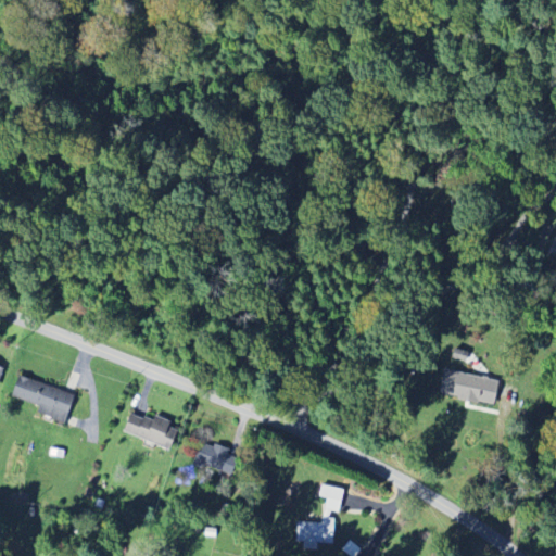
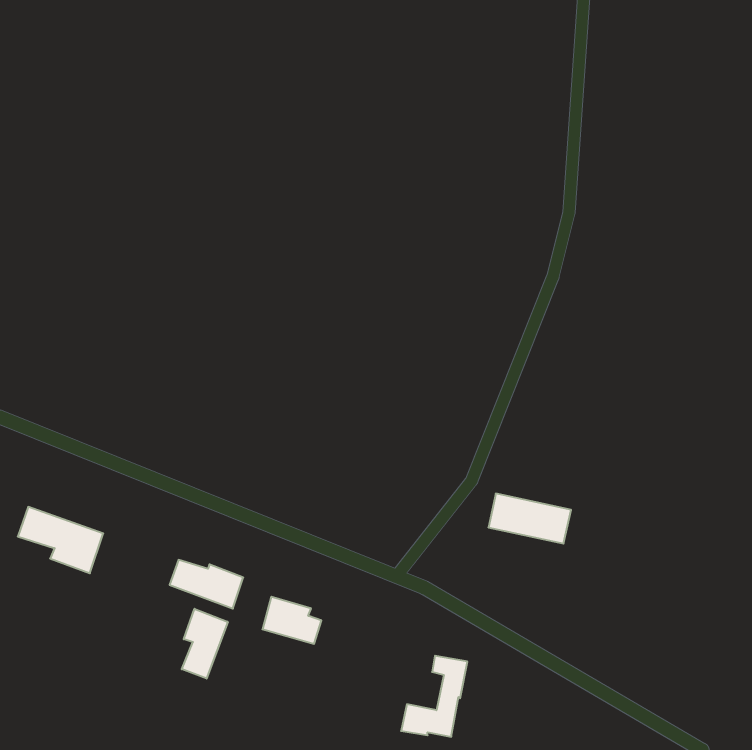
building: [431,368,492,405] -> [488,494,571,544]
building: none -> [182,609,228,679]

